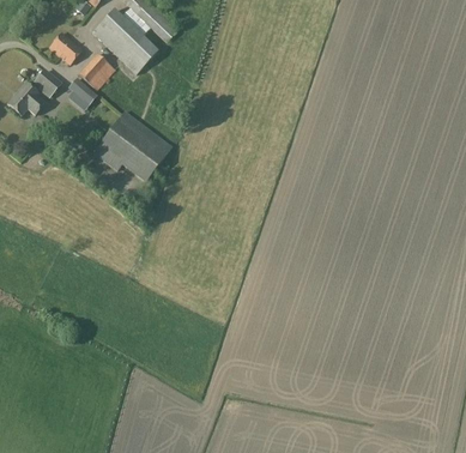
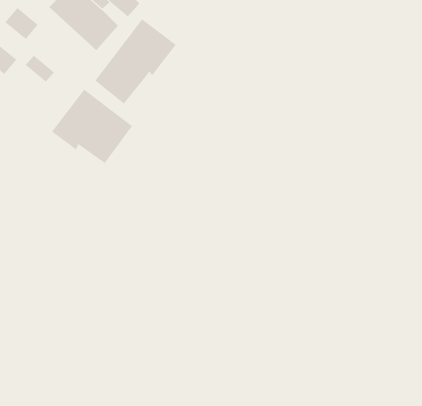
building: none -> [95,18,177,105]
building: [78,54,114,90] -> none

